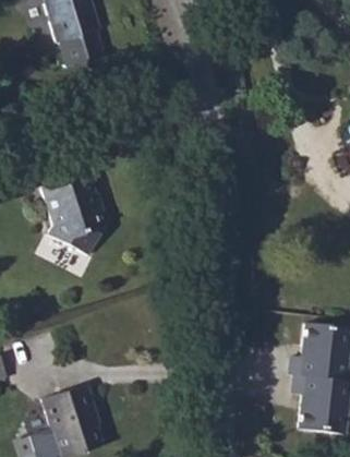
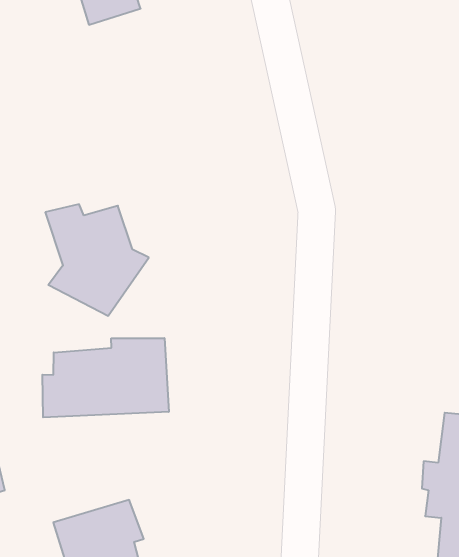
building: none -> [42,338,169,417]

